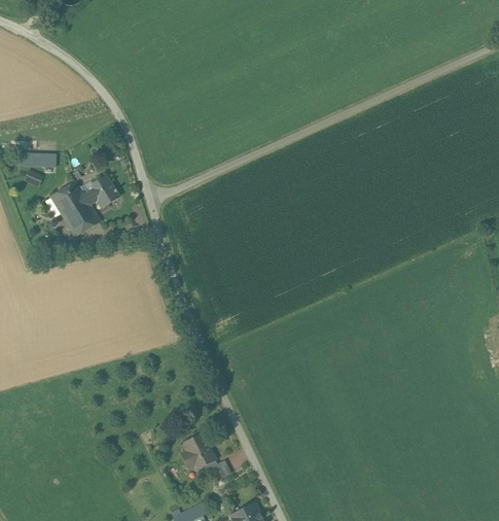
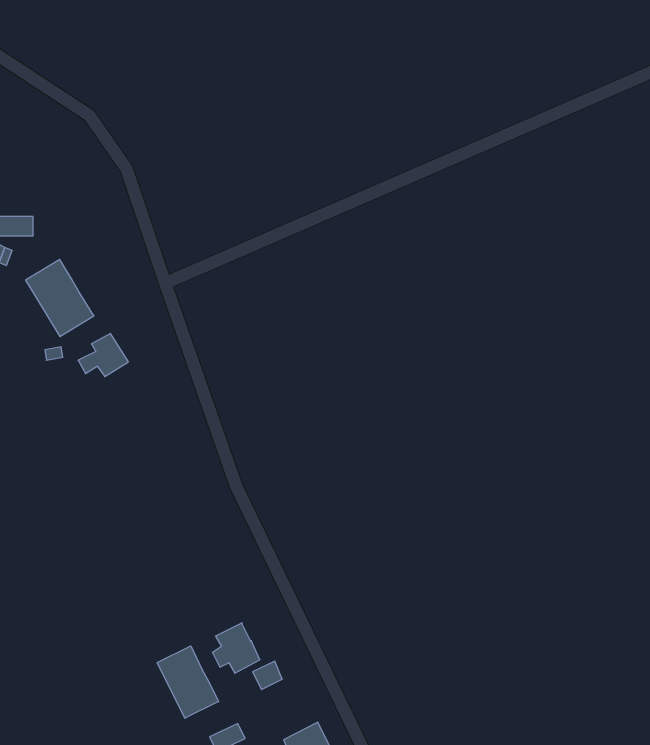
building: [83,177,118,207] -> [78,334,128,377]
building: none -> [157,646,219,718]

